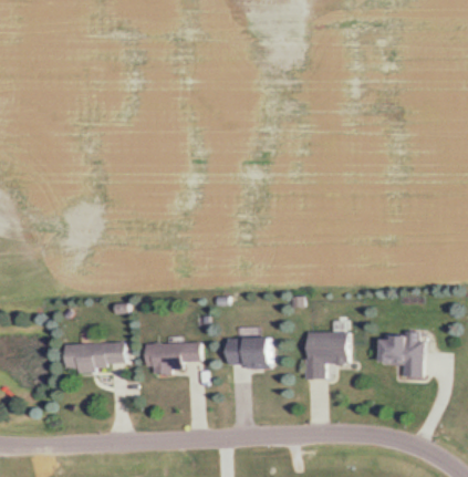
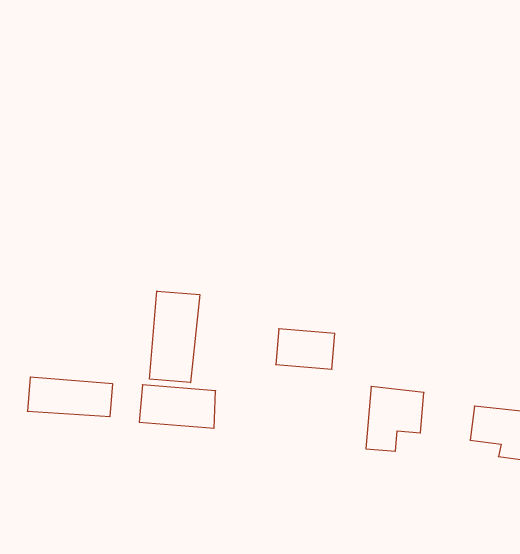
building: none -> [150,291,200,383]
building: [227,338,267,363] -> [276,329,335,369]

